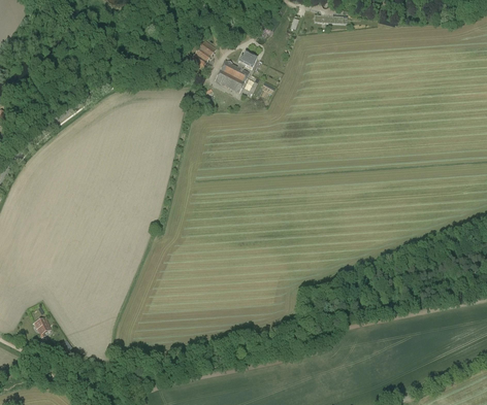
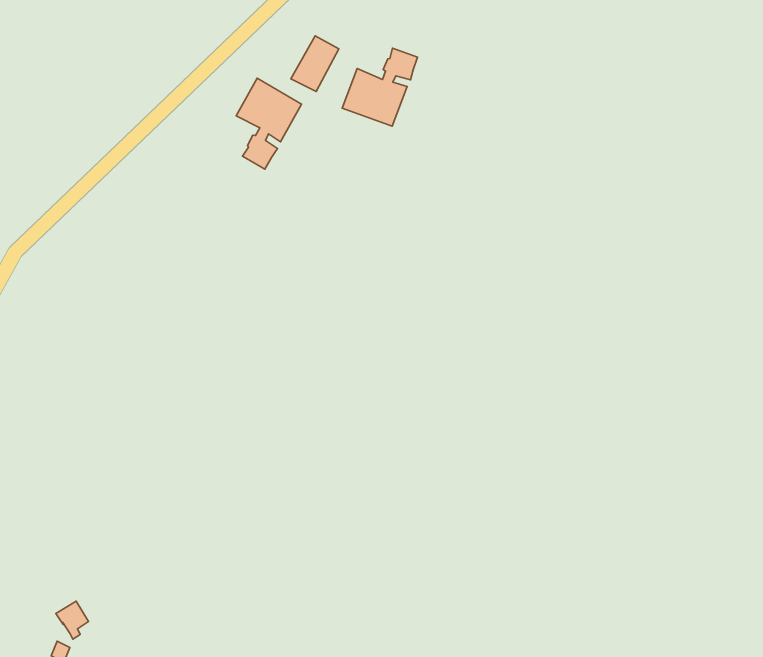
building: none -> [236,78,301,169]

